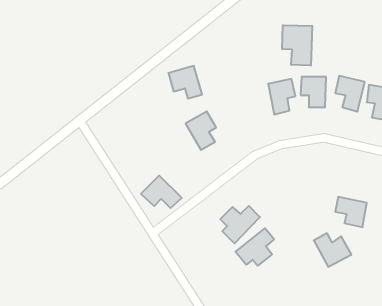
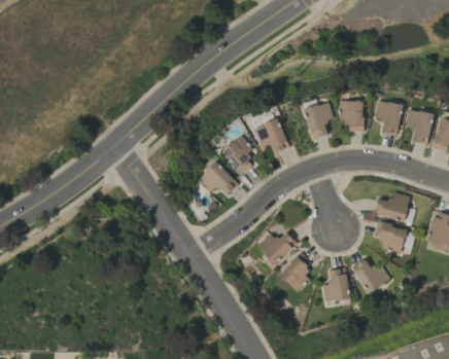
building: [282,25,312,66] -> none
building: [168,66,202,98] -> [254,119,288,152]
building: none -> [374,192,411,222]
building: [141,176,182,208] -> [198,161,239,194]
building: none -> [322,268,349,301]

